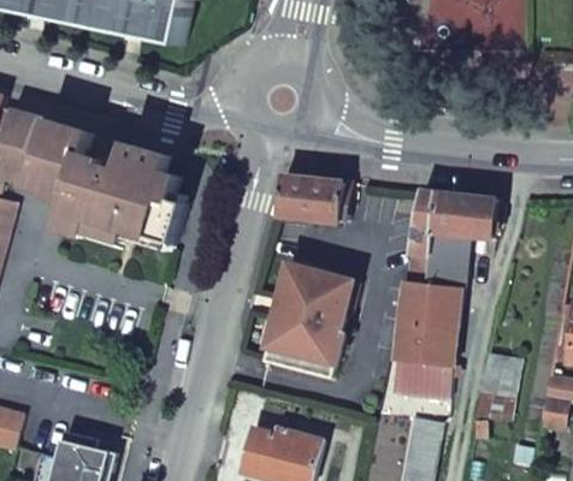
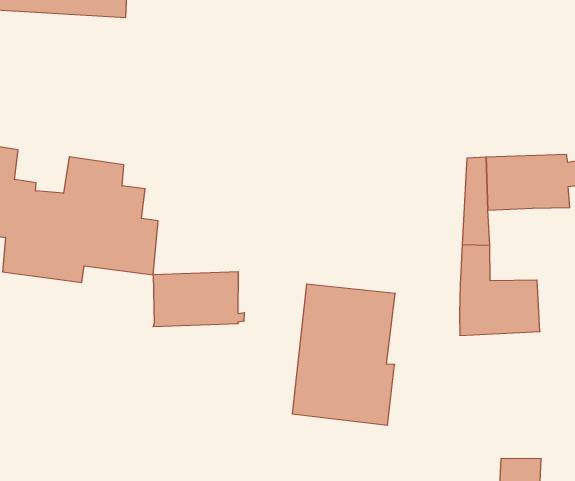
building: [277,174,347,220] -> [153,272,245,327]
building: [425,231,465,289] -> none
building: [392,321,456,398] -> none

